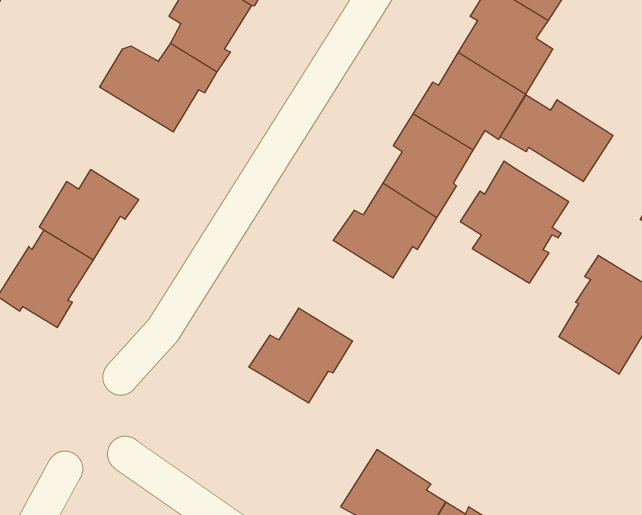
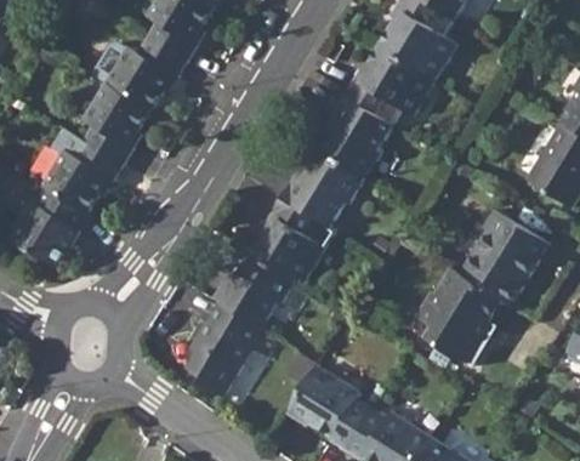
building: [500,95,613,182] -> none
building: none -> [84,82,150,164]
building: [460,161,569,283] -> [415,267,502,365]
building: none -> [251,197,334,283]
building: none -> [187,302,274,397]

